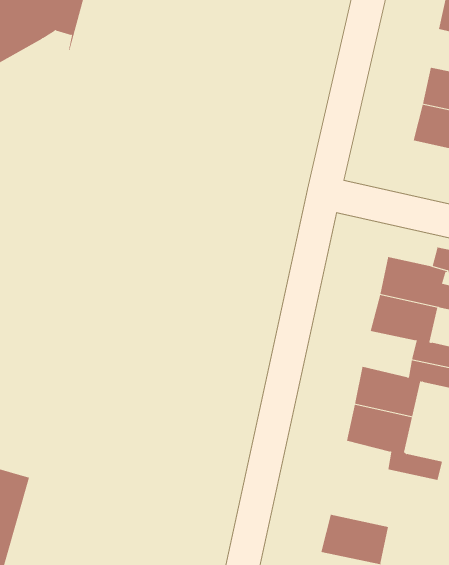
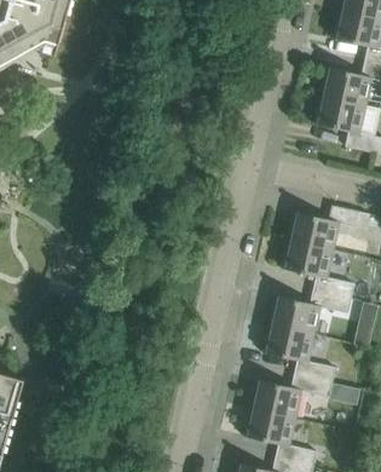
building: none -> [252,374,334,418]

